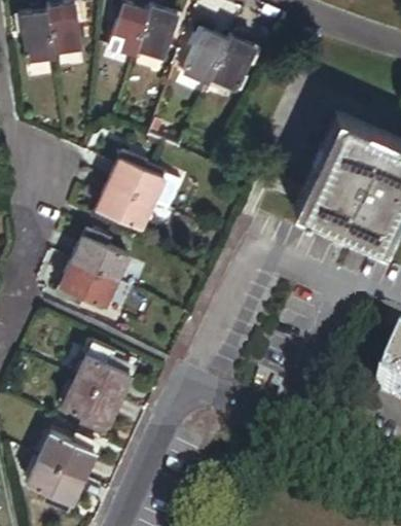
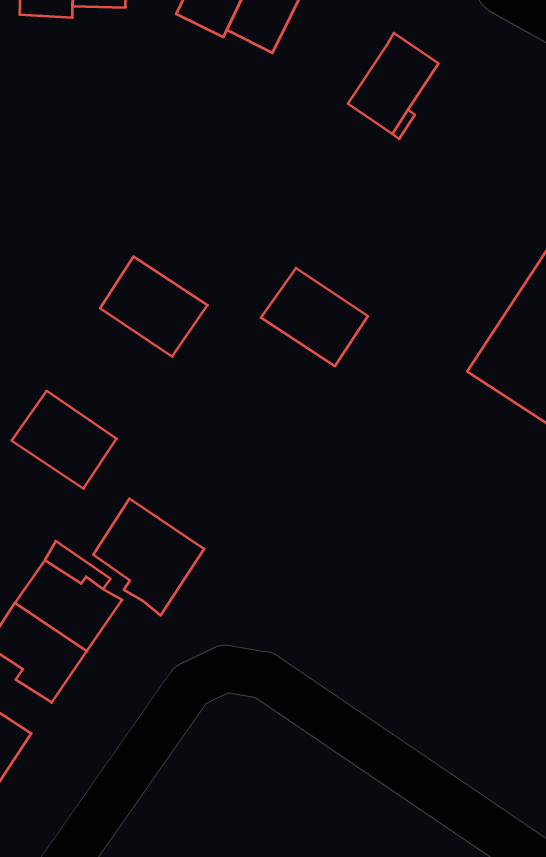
building: [182,30,226,84] -> none
building: [108,151,166,201] -> [261,268,368,366]
building: [73,231,126,281] -> none
building: none -> [93,499,204,615]

